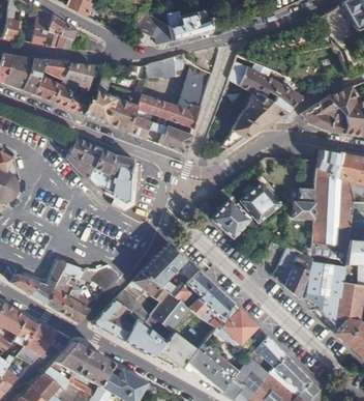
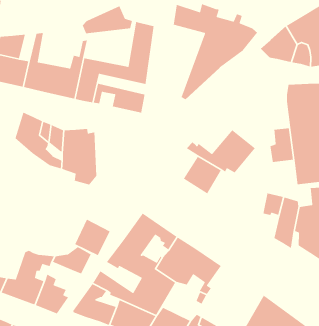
building: none -> [74,219,111,256]
building: [218,304,256,344] -> none

